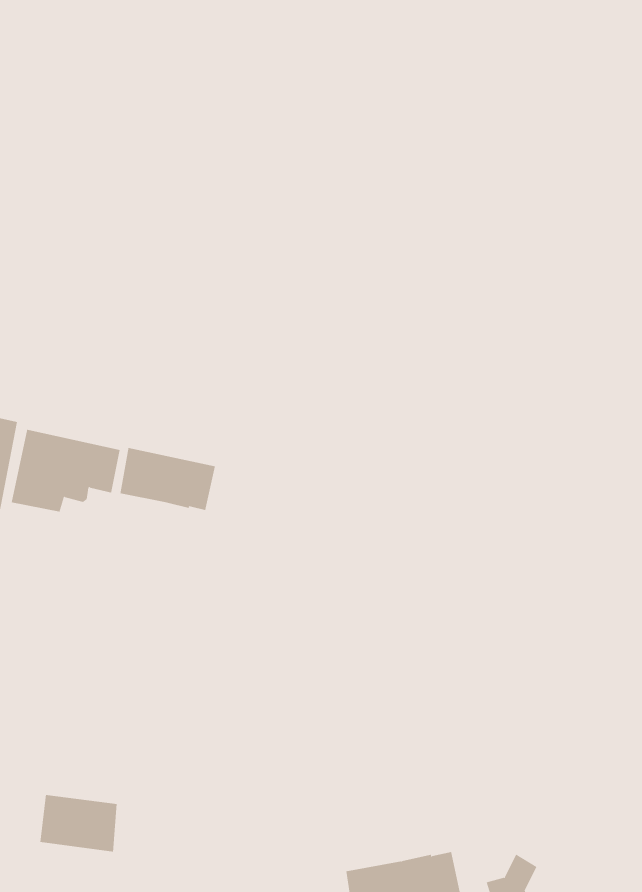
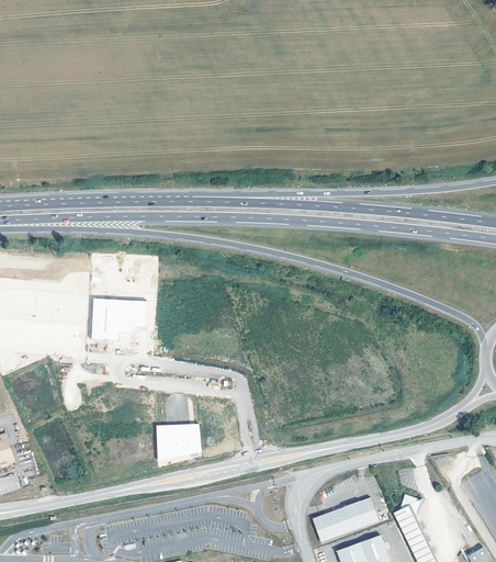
building: [120,447,215,511] -> none
building: [39,794,118,852] -> [156,424,200,452]

